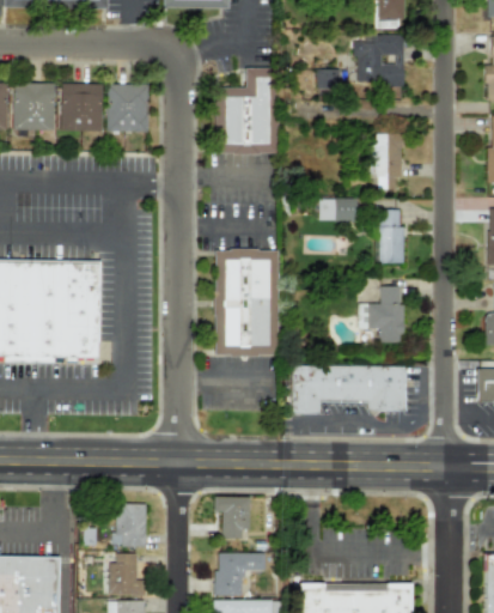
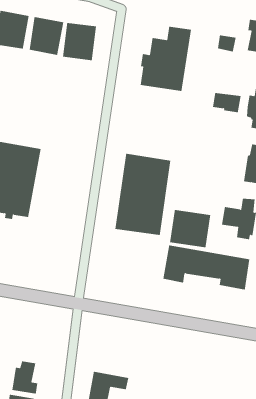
building: [319,198,356,221] -> [212,92,241,113]
building: none -> [170,209,211,248]
building: [214,496,251,539] -> none
building: [114,503,147,546] -> none

